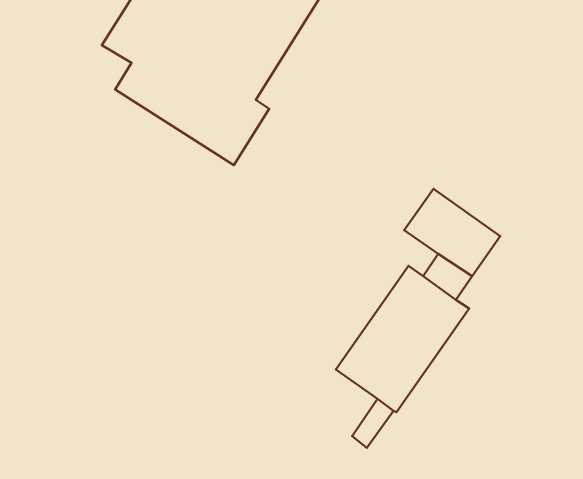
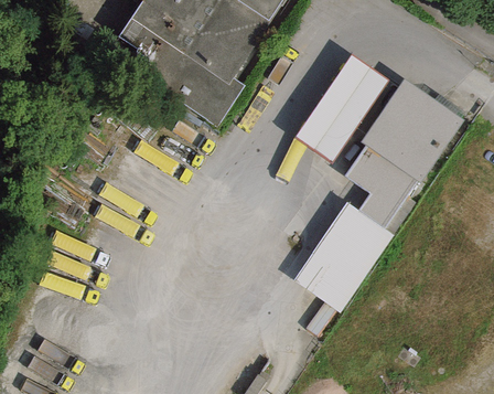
building: none -> [296,54,389,161]
building: none -> [362,77,465,182]

